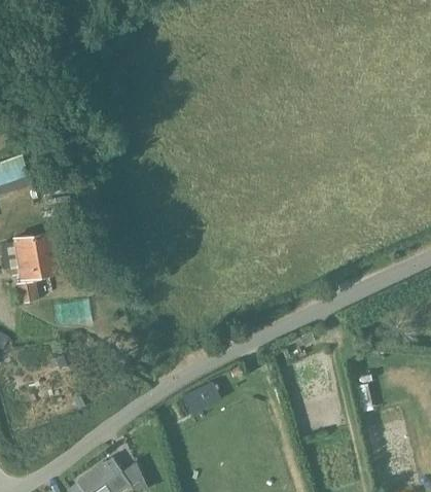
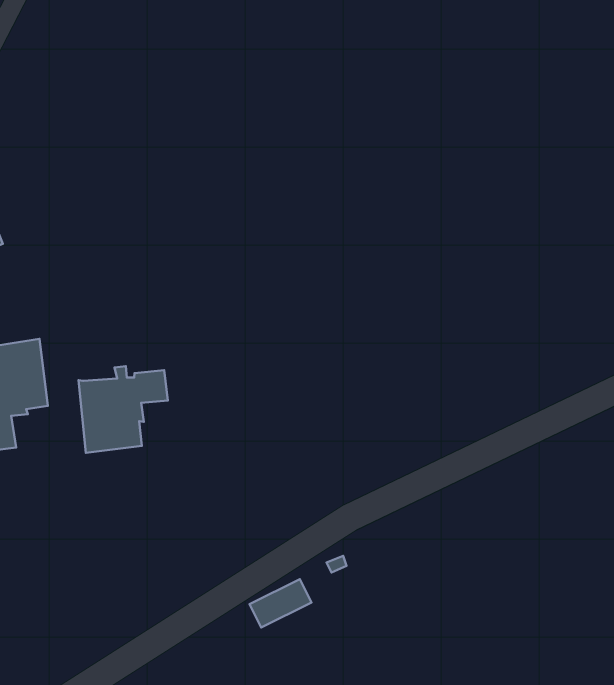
building: none -> [79,366,168,453]

